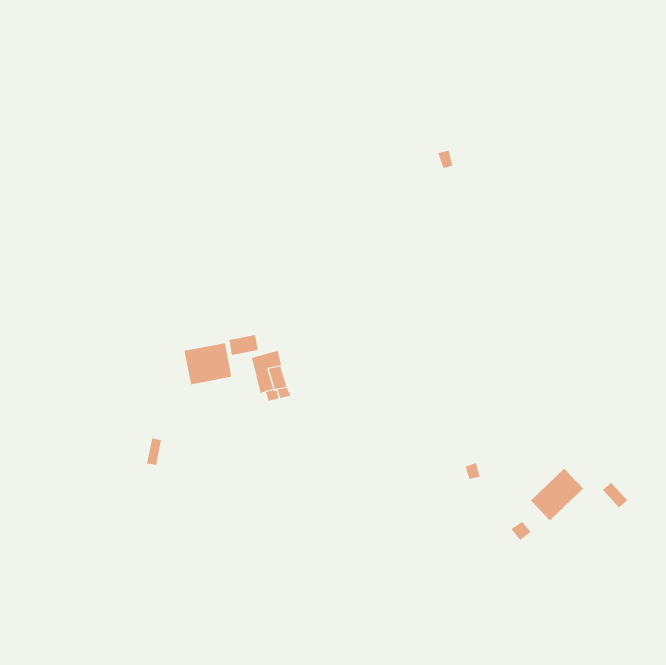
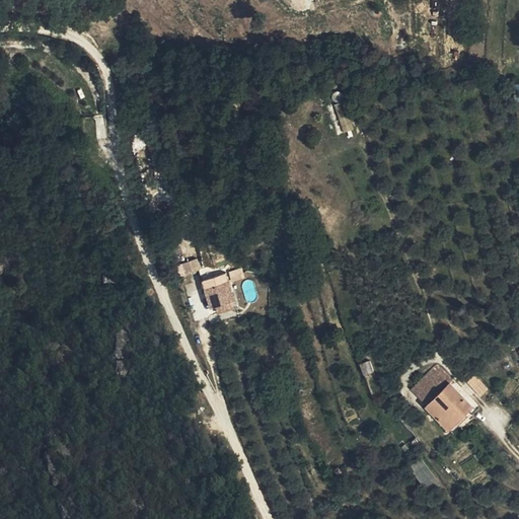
building: [184,343,232,385] -> none
building: none -> [428,384,472,430]

